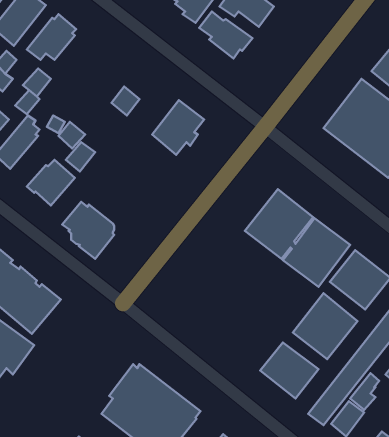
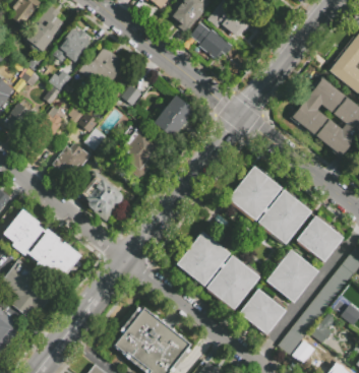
building: none -> [79,46,126,85]
building: none -> [120,129,160,180]
building: none -> [176,231,259,309]

